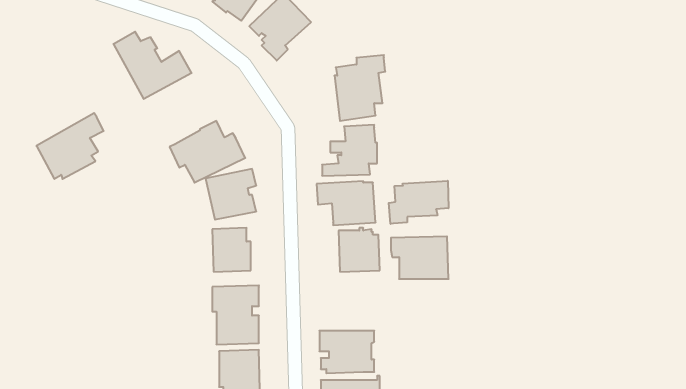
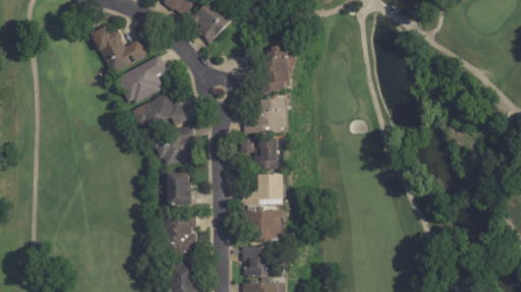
building: [36,113,104,179] -> [115,55,165,104]
building: [389,181,448,224] -> none
building: [391,236,449,279] -> [243,210,286,241]

